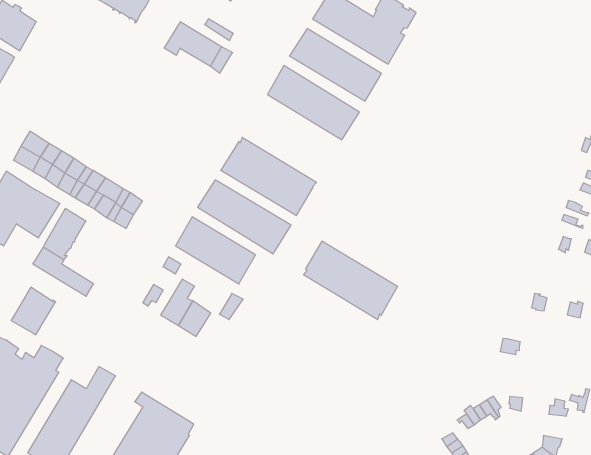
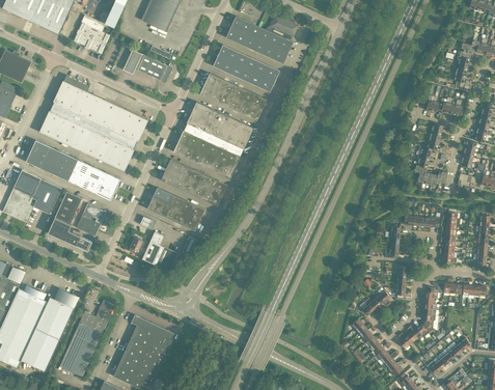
building: none -> [38,75,147,171]
building: [303,241,398,320] -> [185,102,252,152]
building: [11,287,56,335] -> [75,202,105,235]

